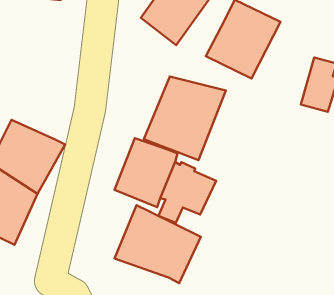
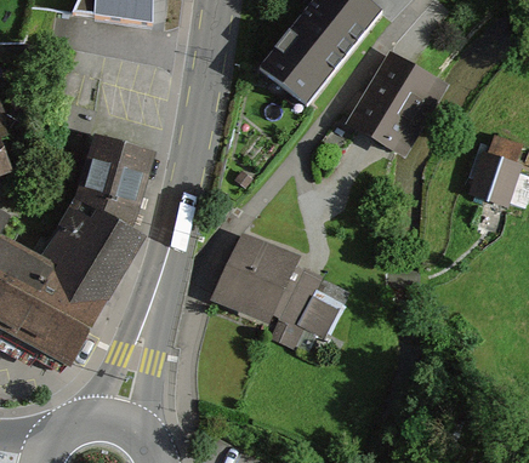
building: none -> [74,132,155,225]
building: [144,76,226,160] -> none
building: [115,205,201,283] -> none

